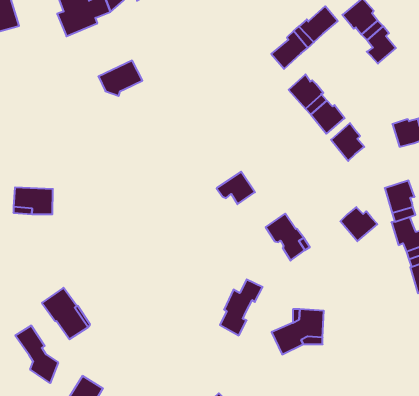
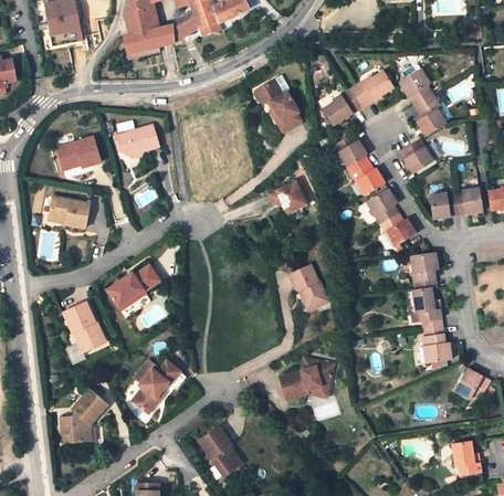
building: none -> [255,75,301,129]
building: [98,61,142,96] -> [117,126,159,158]
building: none -> [400,138,432,172]
building: none -> [56,137,101,170]
building: [217,172,255,204] -> [269,182,305,213]
building: [340,207,377,241] -> [380,212,416,245]
building: none -> [106,264,159,317]
building: [220,279,263,335] -> [132,360,179,413]
building: [15,325,58,383] -> none

